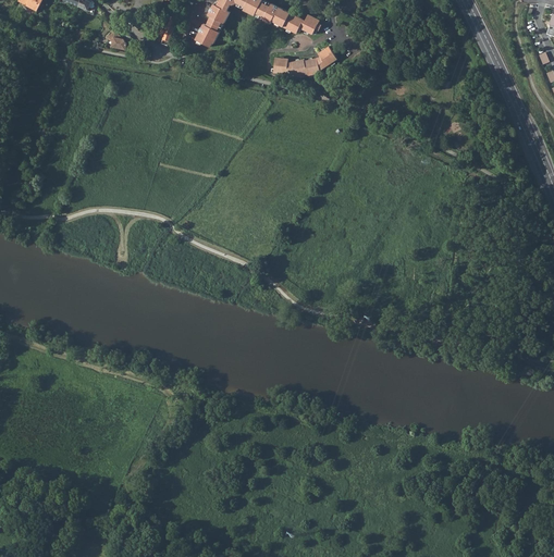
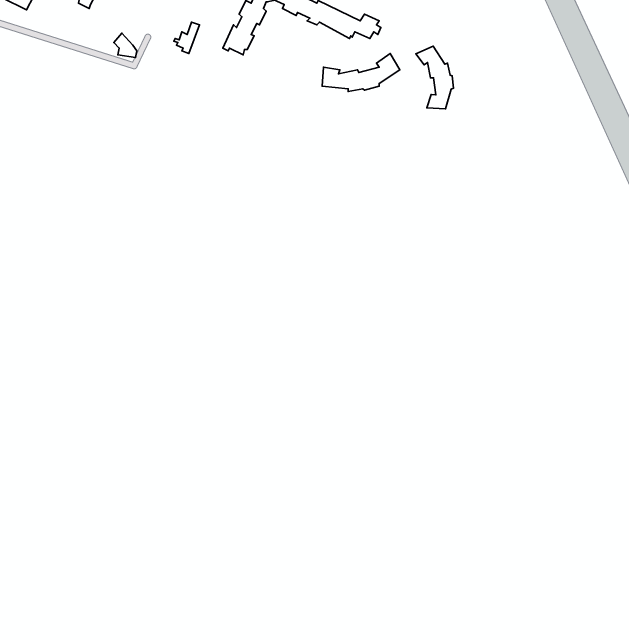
building: none -> [416,46,454,109]

